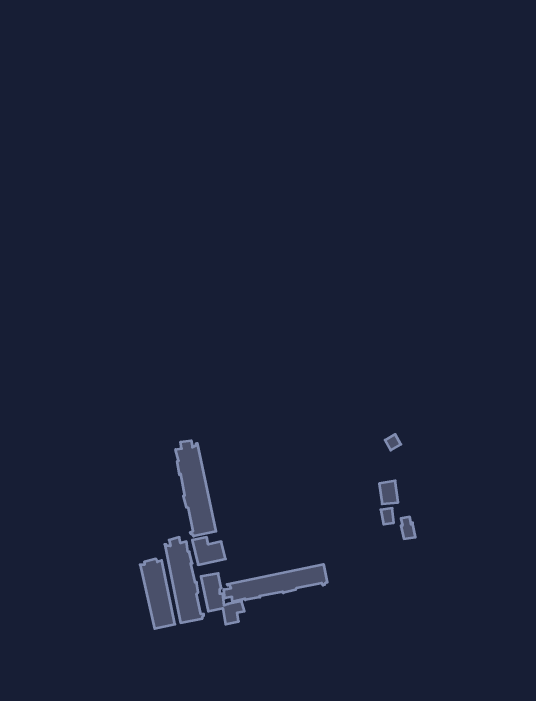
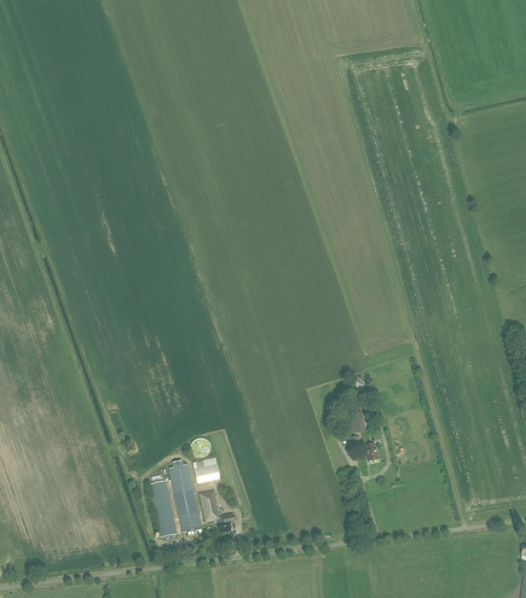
building: [176,441,216,536] -> none
building: [224,564,327,602] -> none

